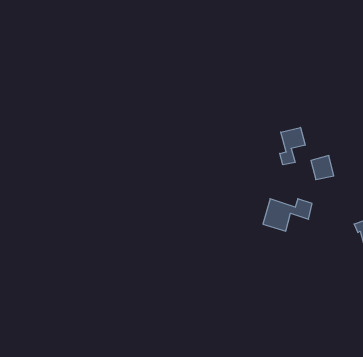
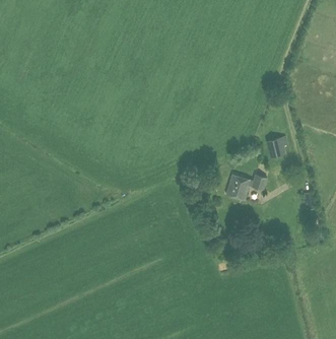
building: [280,127,305,165] -> none

